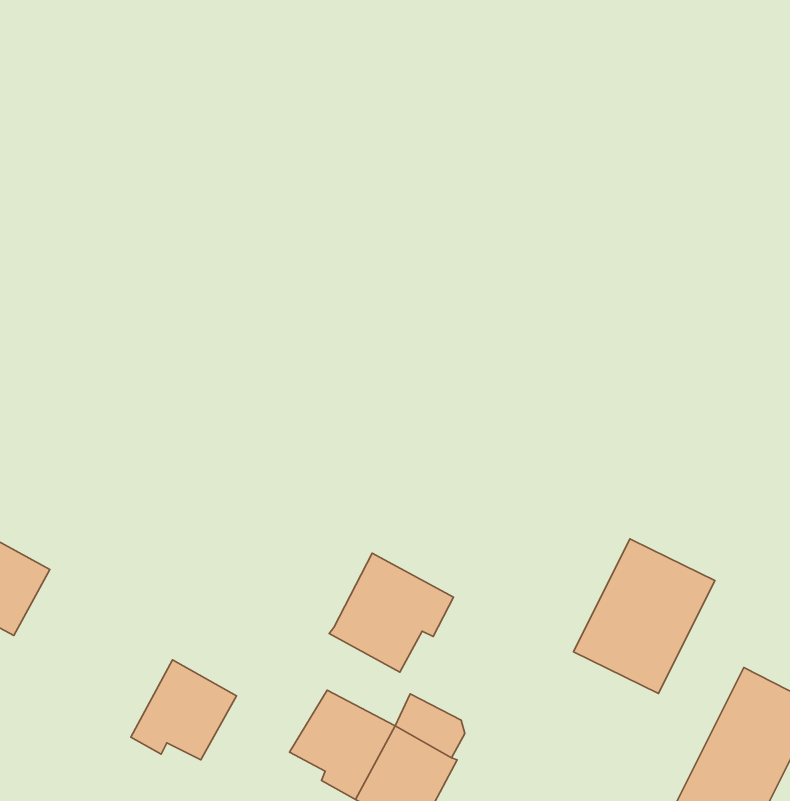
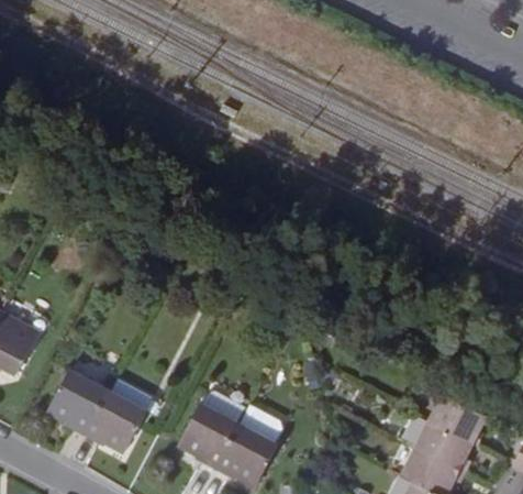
building: [573,539,715,693] -> none
building: [329,553,454,672] -> none
building: none -> [49,370,109,435]

